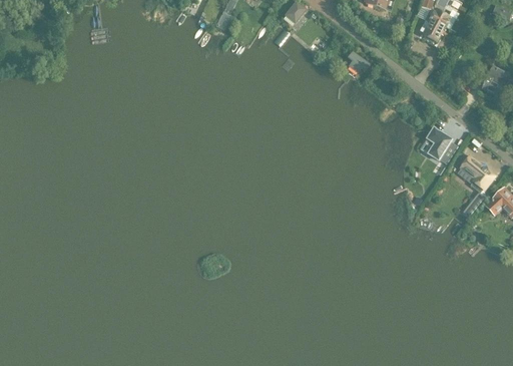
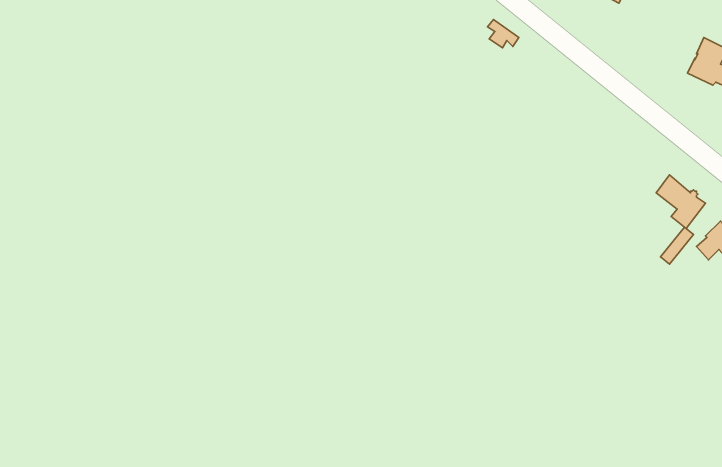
building: [428,127,459,163] -> none

